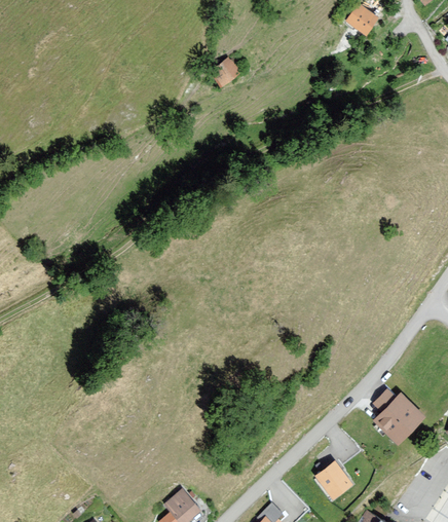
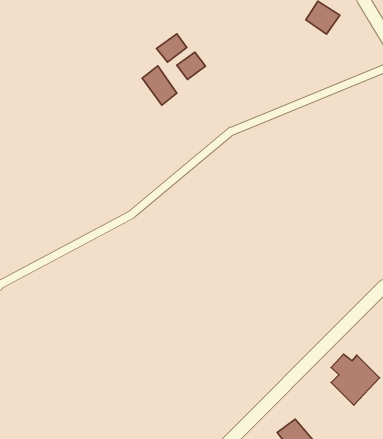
building: none -> [157,34,187,62]
building: none -> [142,66,177,105]

